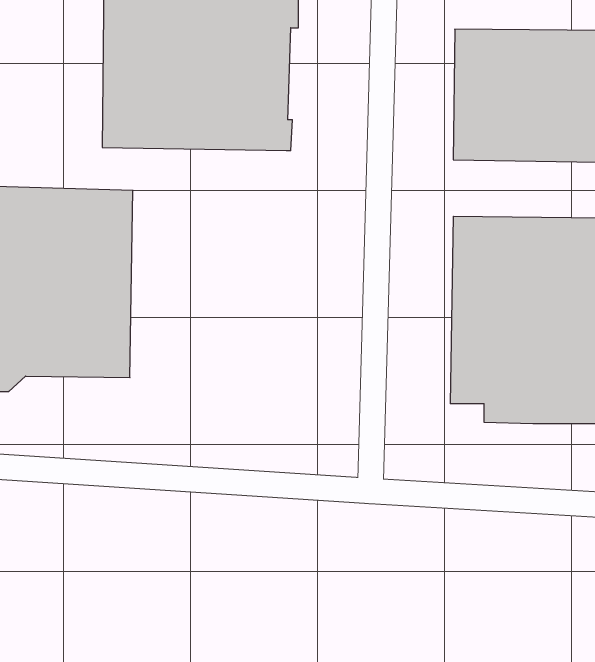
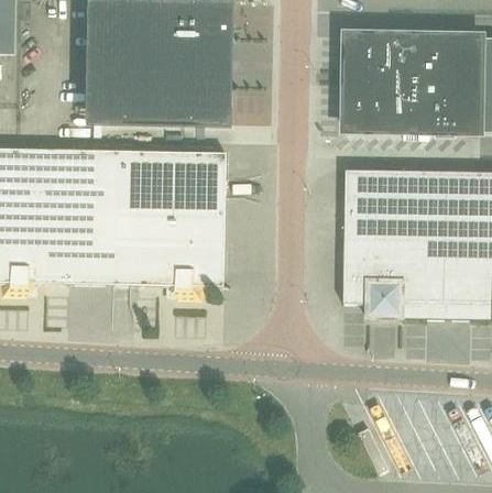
building: none -> [110,151,225,298]

